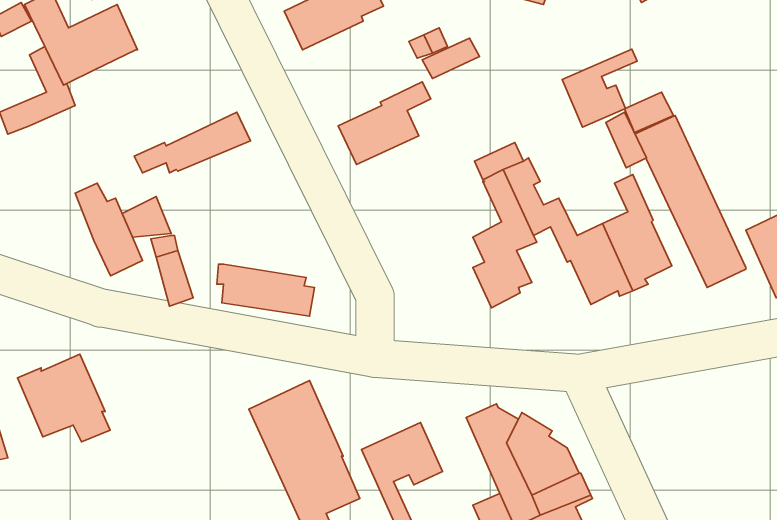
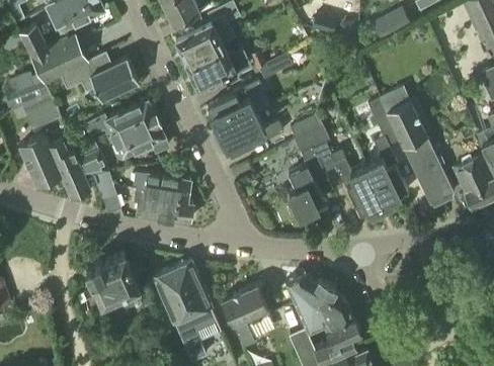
building: none -> [185,44,249,87]
building: none -> [61,58,139,99]
building: [562,49,637,127] -> none
building: none -> [22,95,61,130]
building: none -> [219,113,283,156]
building: none -> [111,116,168,158]
building: none -> [19,135,61,186]
building: none -> [134,173,191,198]
building: [18,354,110,442] -> [86,254,142,306]

